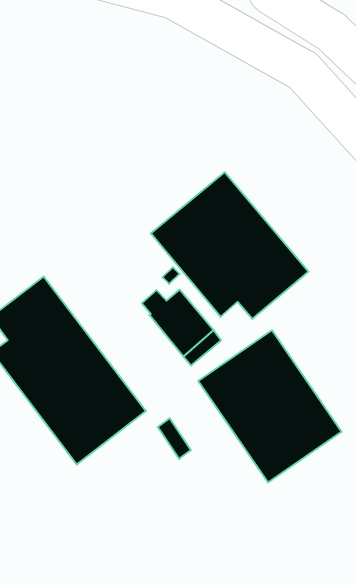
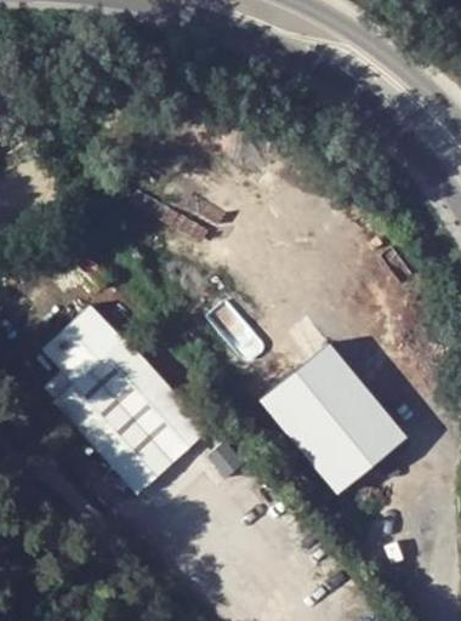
building: [151,172,308,319] -> none

